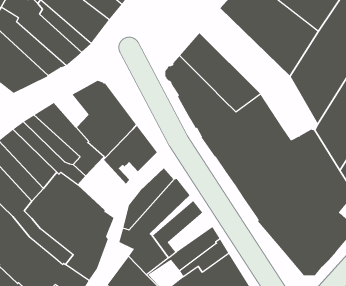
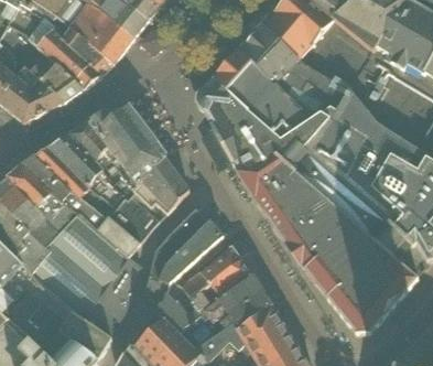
building: none -> [237,24,372,175]
building: none -> [71,120,109,161]
building: none -> [98,195,153,256]
building: none -> [202,259,252,304]

